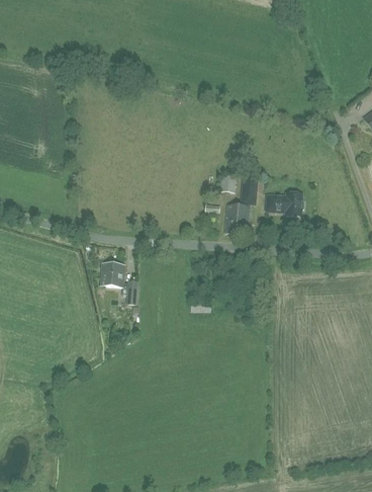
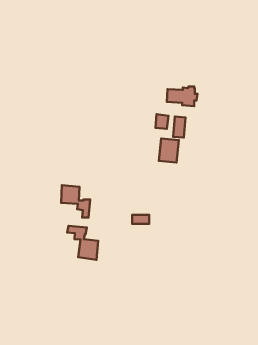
building: [268,190,306,215] -> [167,87,197,106]
building: none -> [67,226,98,260]

